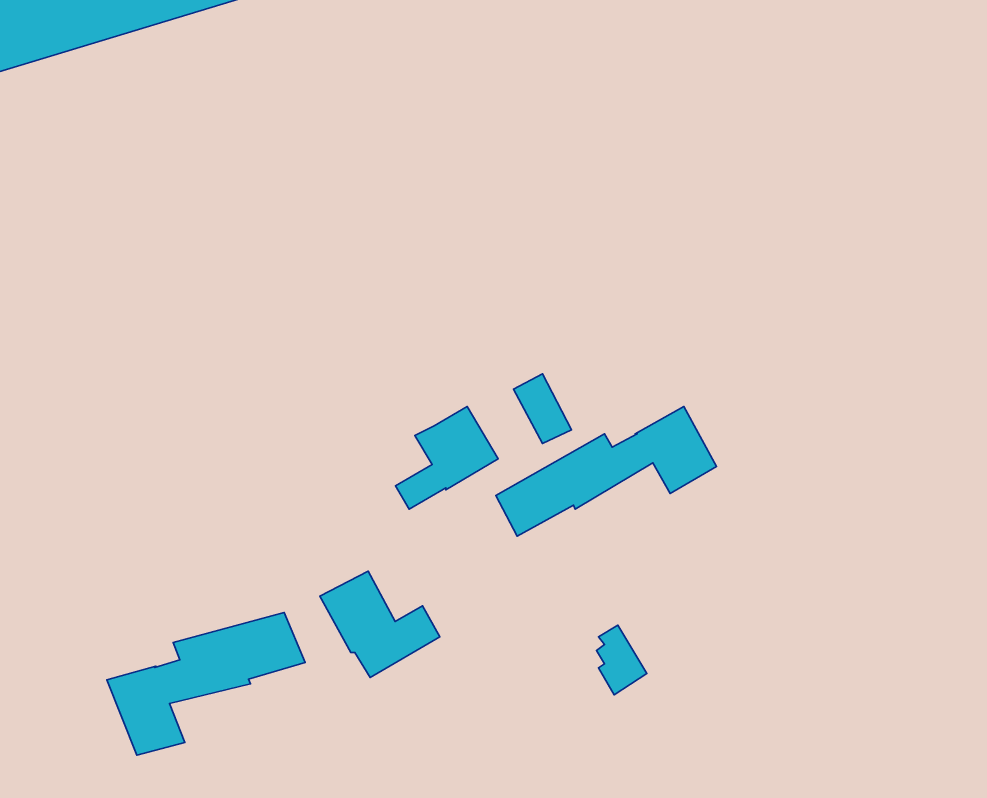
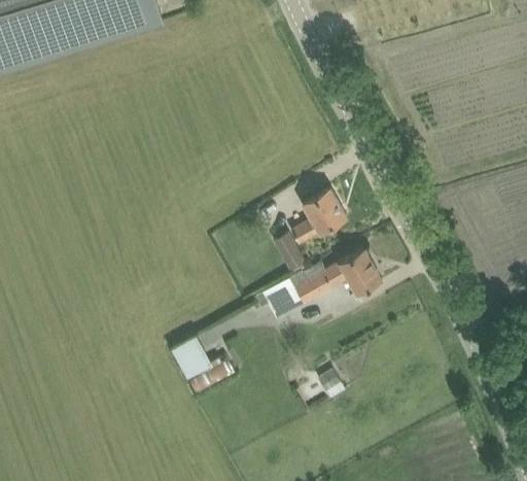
building: [396,407,498,509] -> [292,188,347,243]
building: [107,612,305,755] -> none

